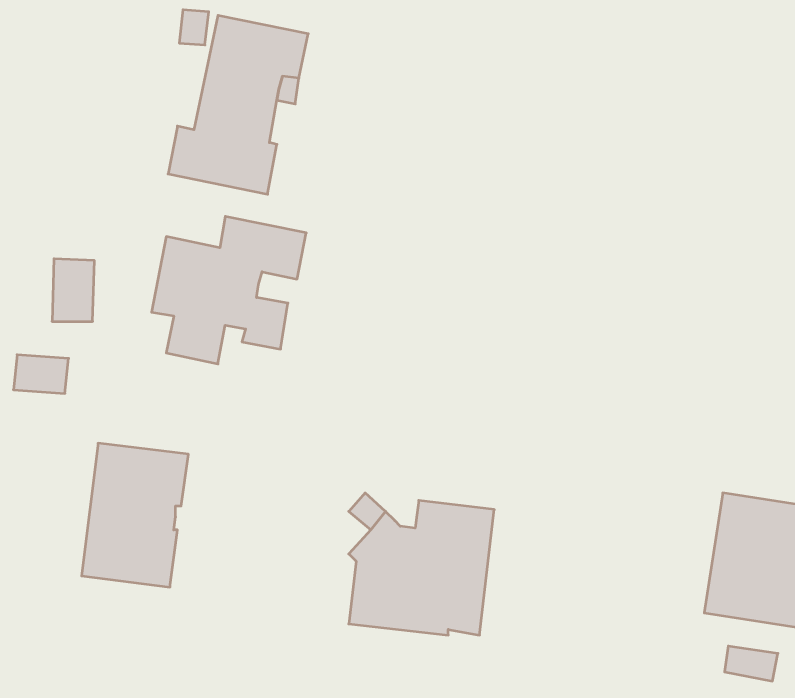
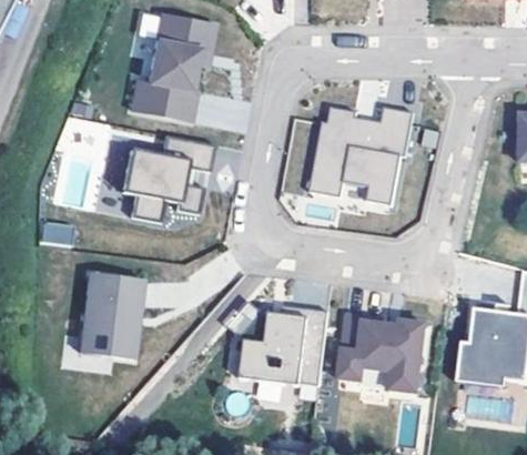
building: none -> [308,107,413,205]
building: none -> [338,314,425,394]

